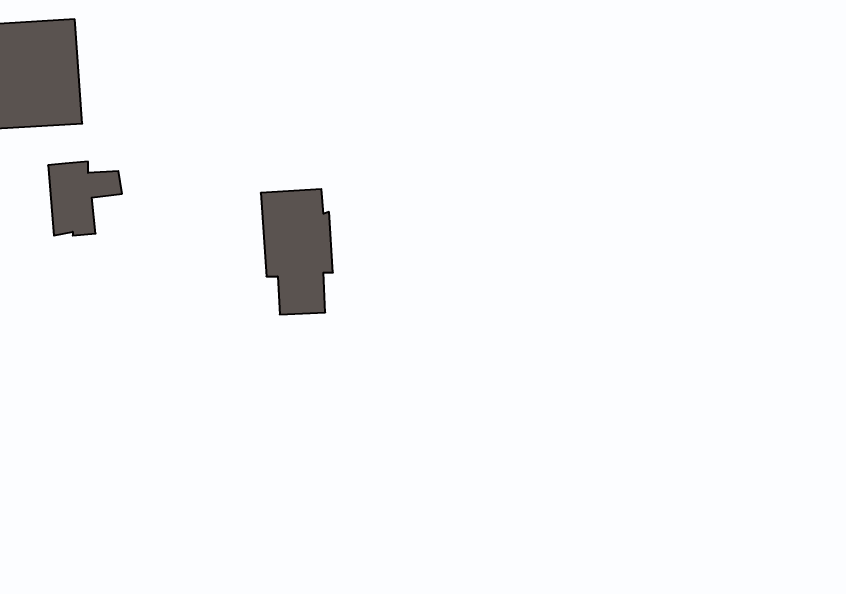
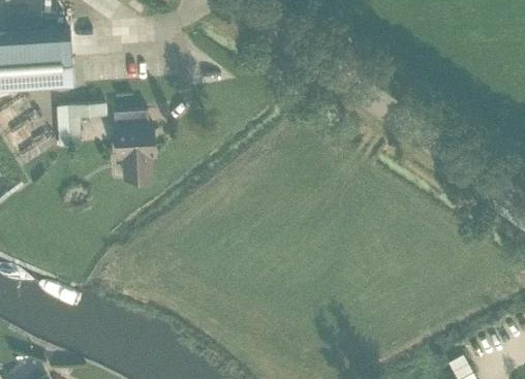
building: [261,189,333,314] -> [114,109,153,178]

